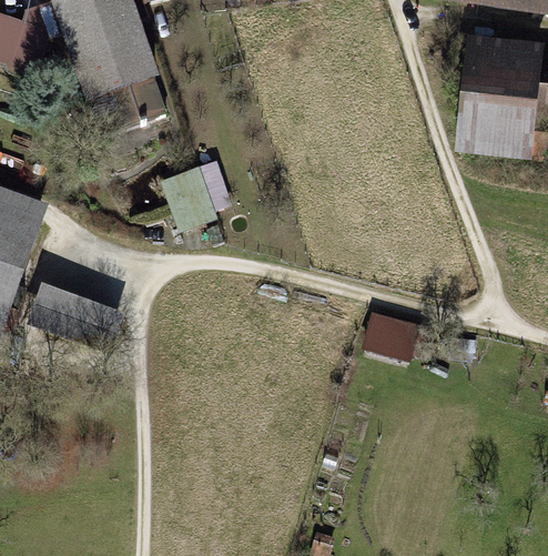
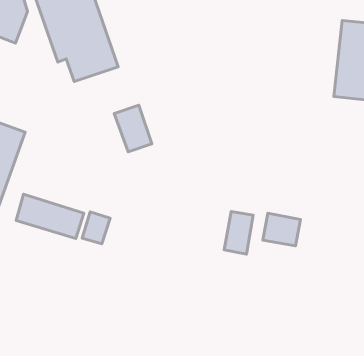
building: none -> [224,211,253,254]
building: none -> [82,212,110,244]

